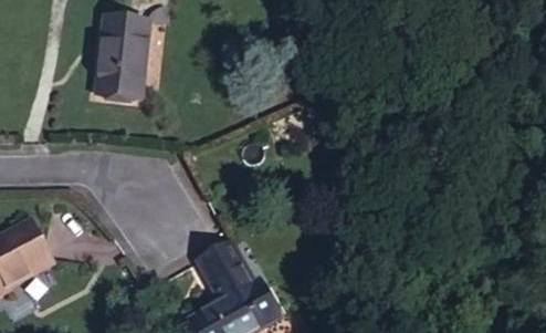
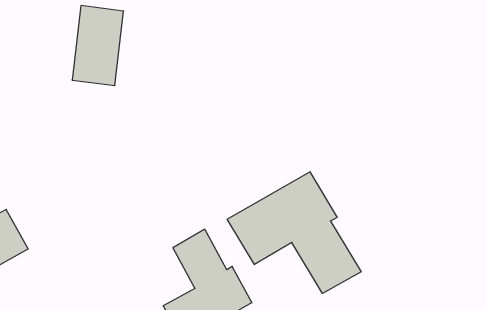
building: none -> [227,172,361,293]

